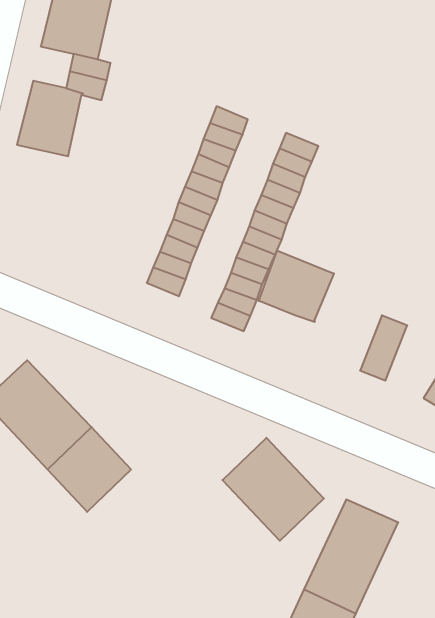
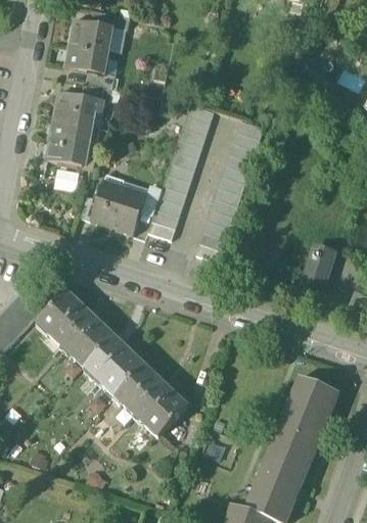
building: none -> [48,137,89,167]
building: none -> [90,178,146,234]
building: [259,250,334,322] -> none
building: [222,438,324,541] -> [116,363,188,435]

